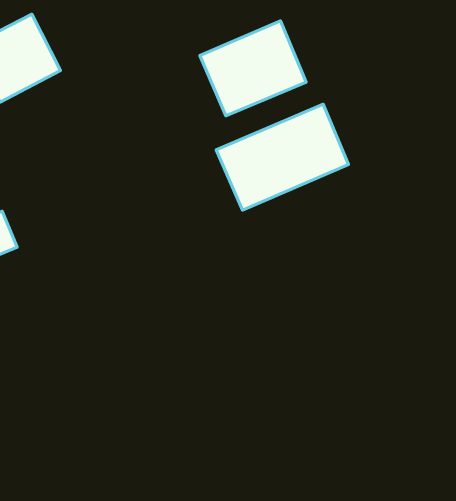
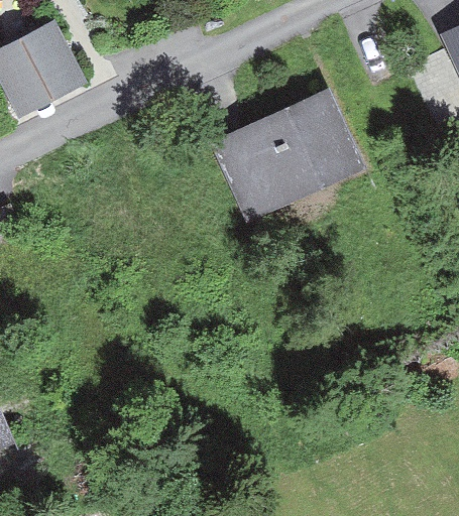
building: [200,21,306,116] -> none

